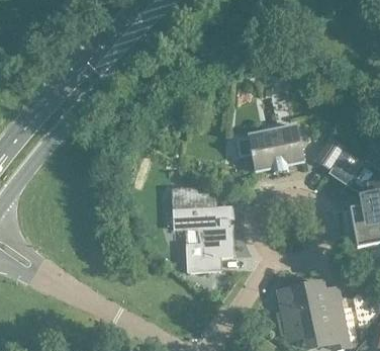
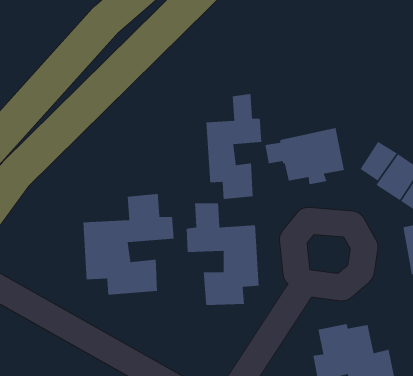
building: none -> [206,93,262,200]
building: none -> [82,193,175,295]

